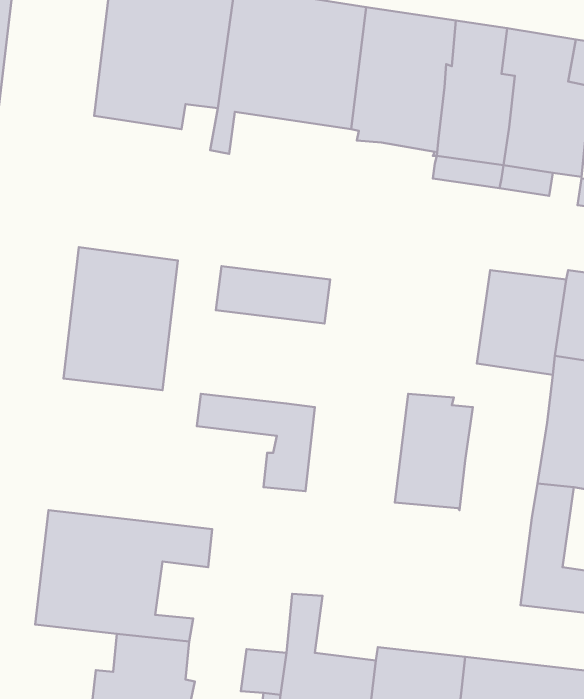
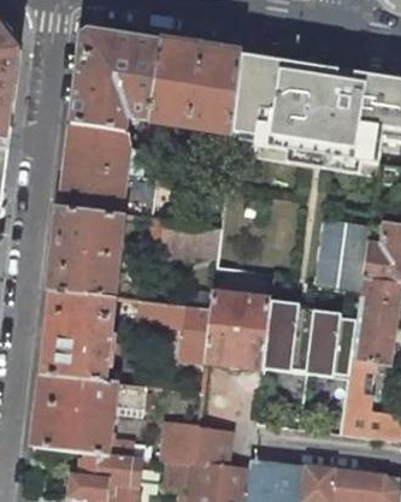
building: none -> [61,124,160,217]
building: none -> [42,290,116,380]
building: none -> [205,293,270,368]
building: none -> [302,308,358,378]
building: none -> [161,423,196,463]

